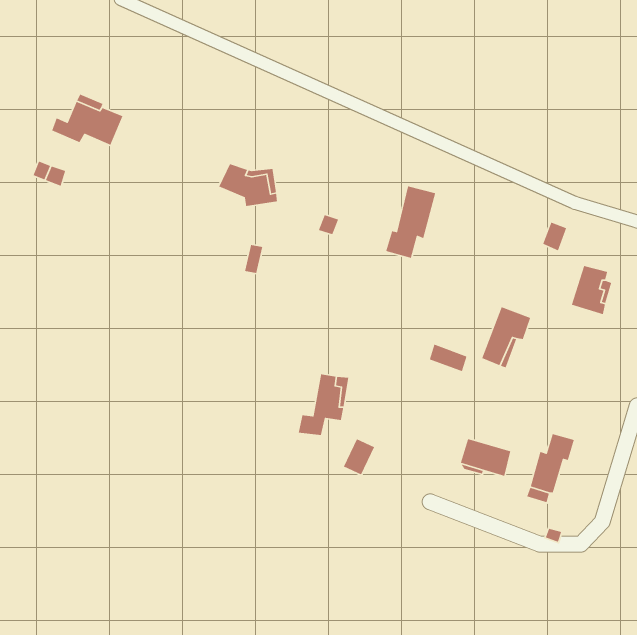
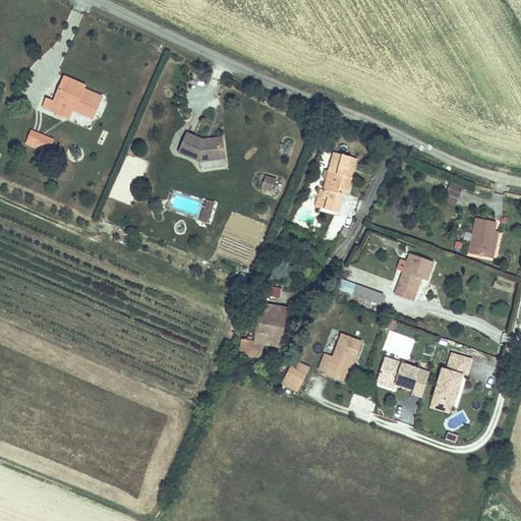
building: none -> [319,332,359,378]

